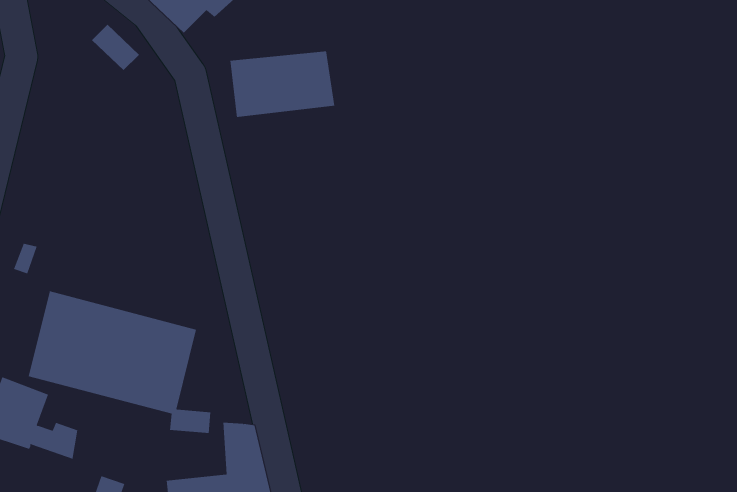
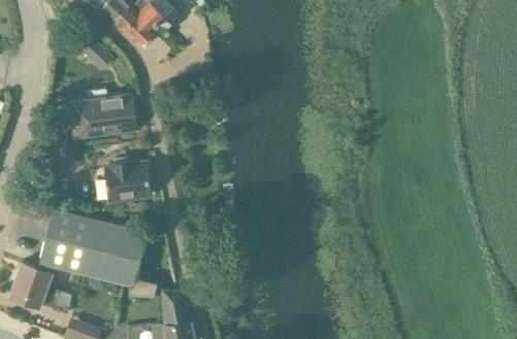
building: [230,51,335,117] -> [70,96,137,138]
building: none -> [93,161,152,202]

